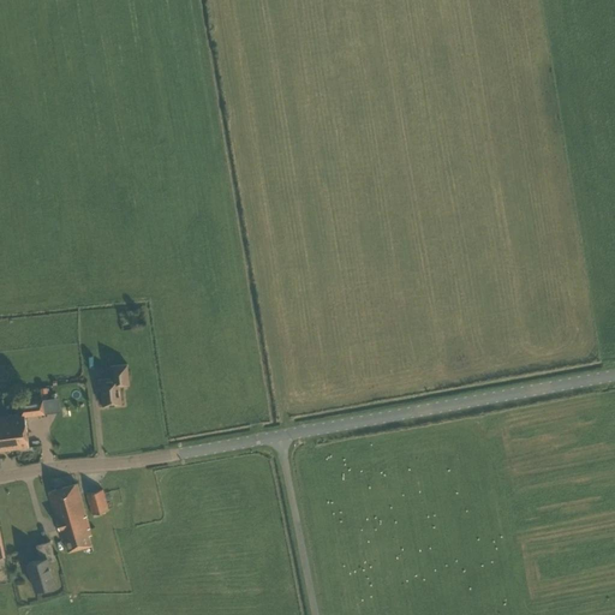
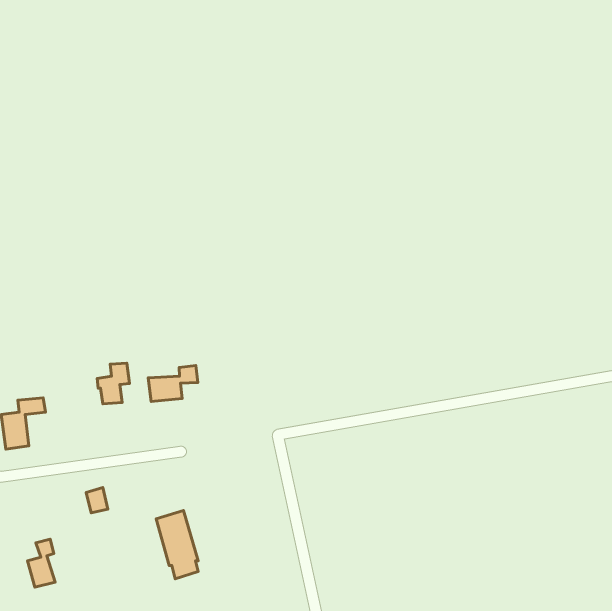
building: none -> [148,366,198,402]
building: [49,484,91,553] -> [156,511,198,579]

